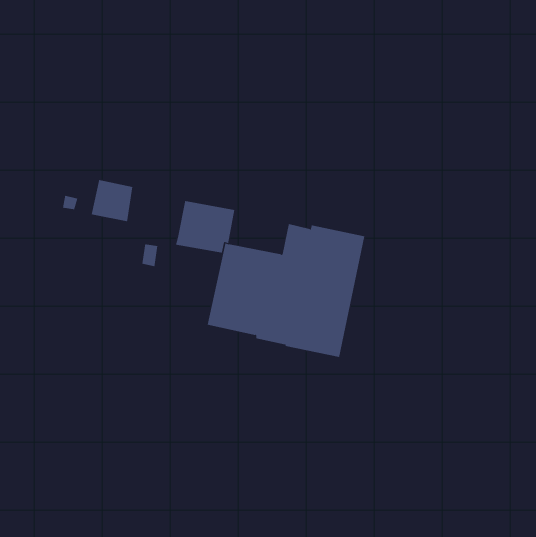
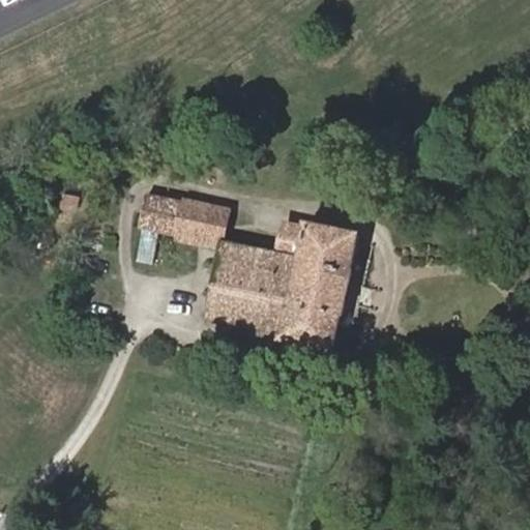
building: [91,180,133,222] -> [138,192,179,233]

